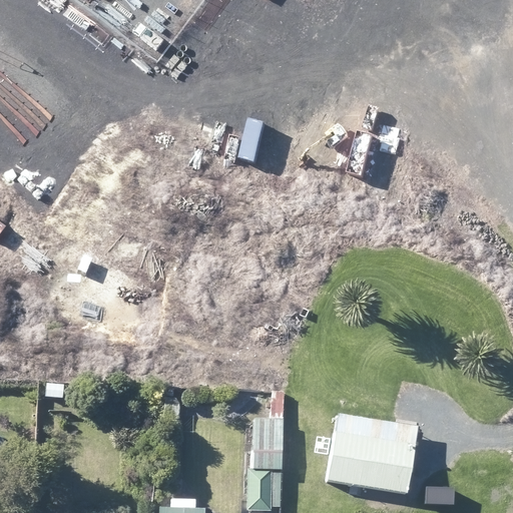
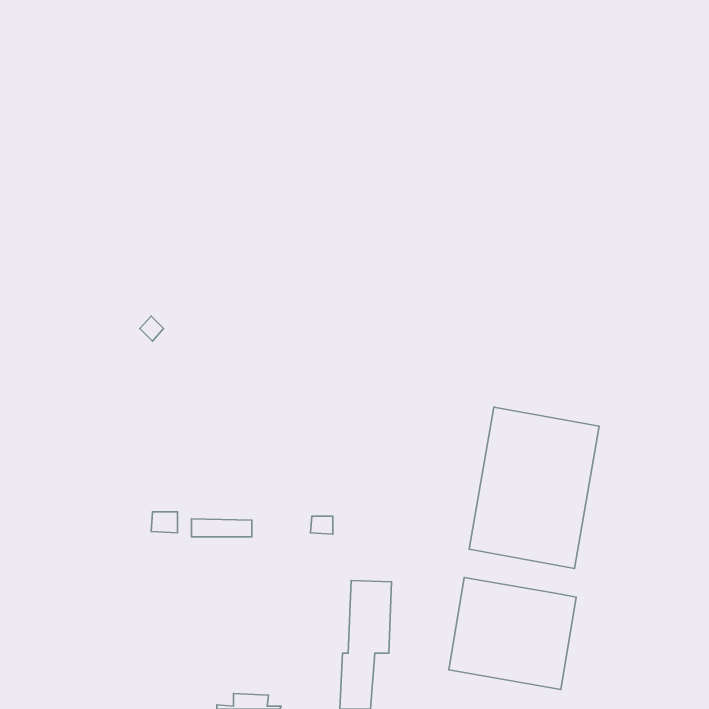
building: none -> [469,407,599,568]

